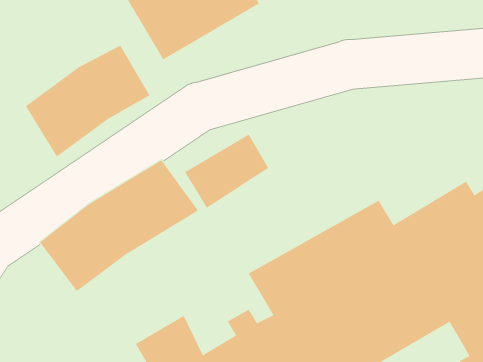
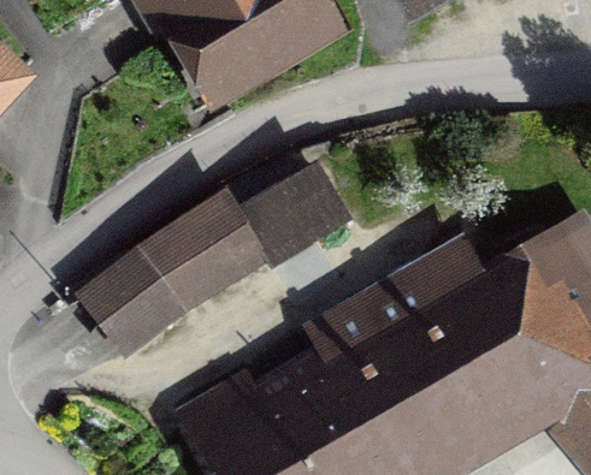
building: [25,45,150,157] -> none

